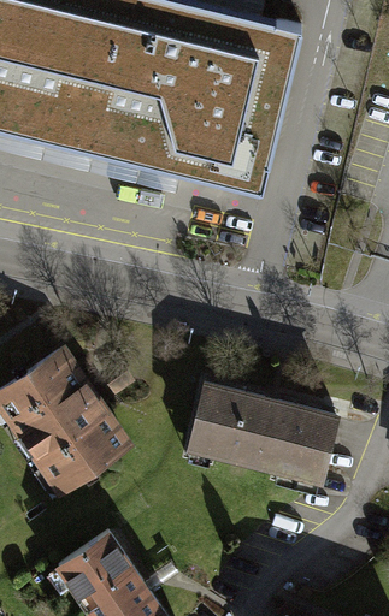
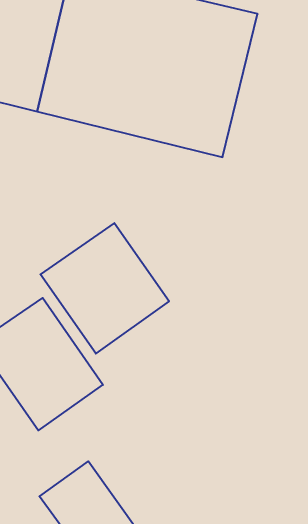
building: none -> [40,223,169,354]
building: [178,381,329,478] -> none

